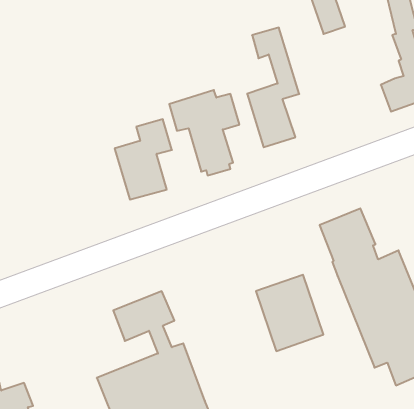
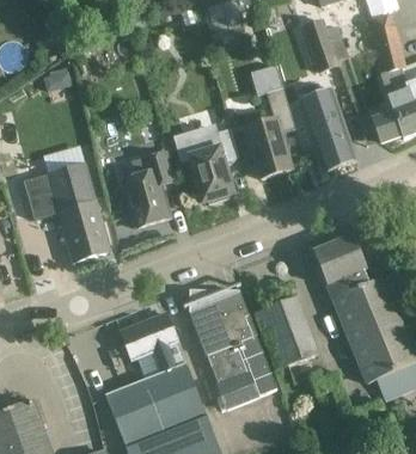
building: none -> [298,85,355,171]
building: none -> [23,161,110,260]
building: none -> [188,289,276,407]

